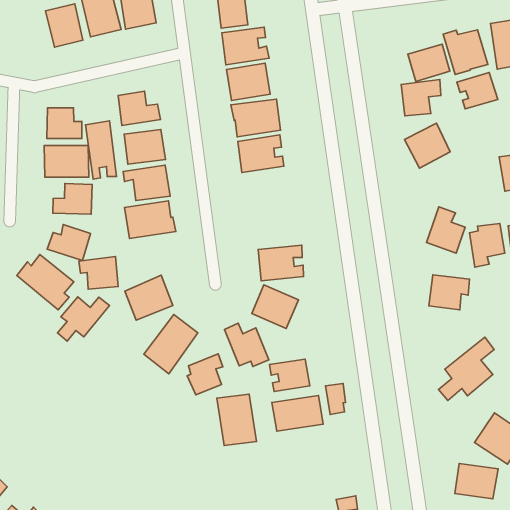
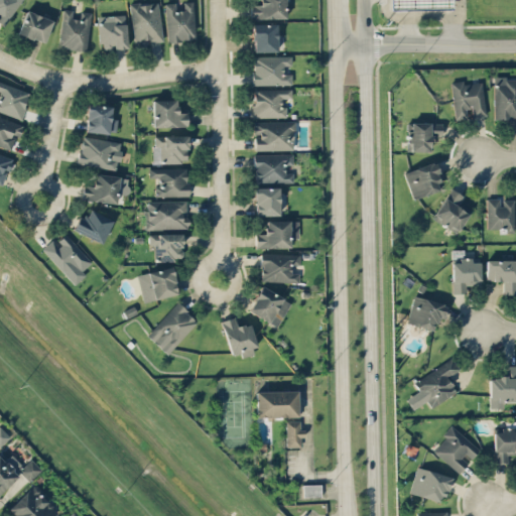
building: none -> [60,9,92,51]
building: [408,44,450,81] -> none
building: [457,73,498,109] -> none
building: [85,121,117,179] -> none
building: none -> [256,187,281,216]
building: [426,207,465,253] -> [435,188,472,232]
building: none -> [256,221,299,249]
building: [79,256,118,289] -> [150,234,183,261]
building: [57,297,110,341] -> none
building: [187,354,223,395] -> none
building: [269,359,310,391] -> none
building: [325,384,346,415] -> [287,421,303,447]
building: [217,394,256,446] -> none

